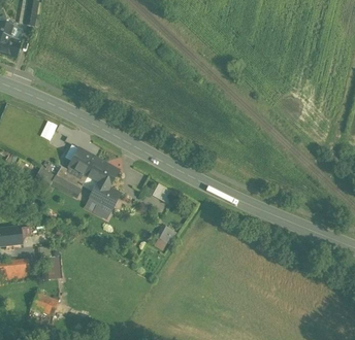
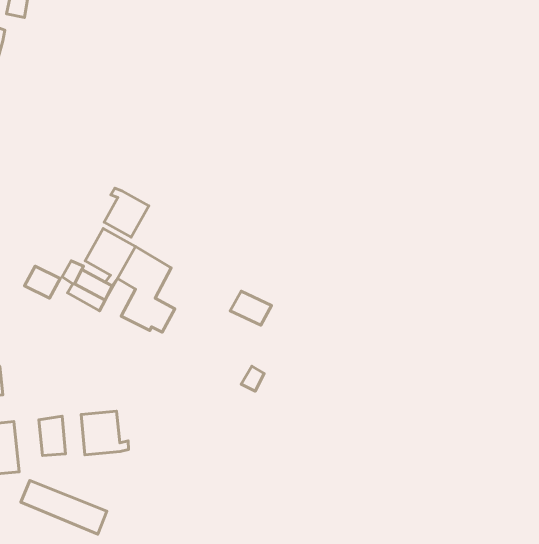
building: none -> [104,188,149,237]
building: none -> [81,411,129,455]

